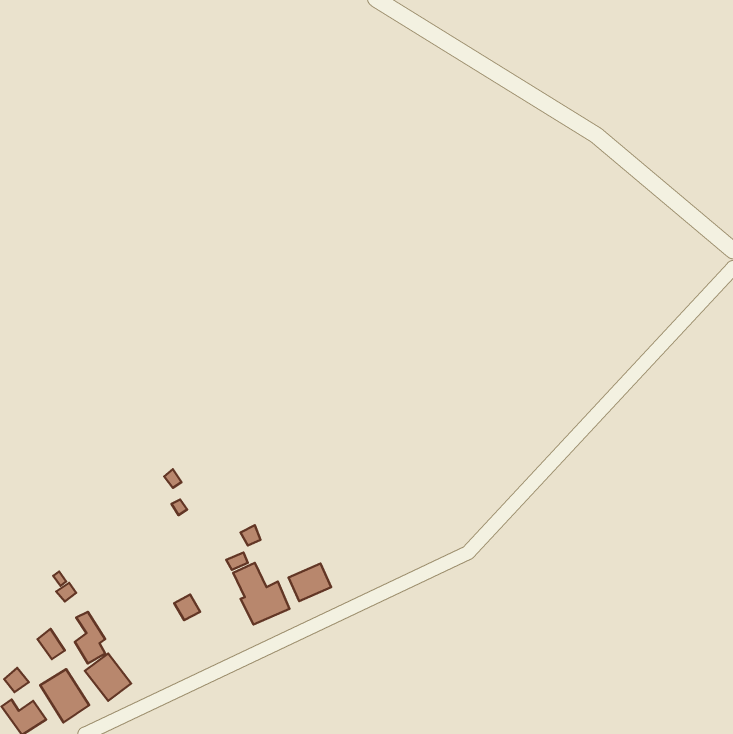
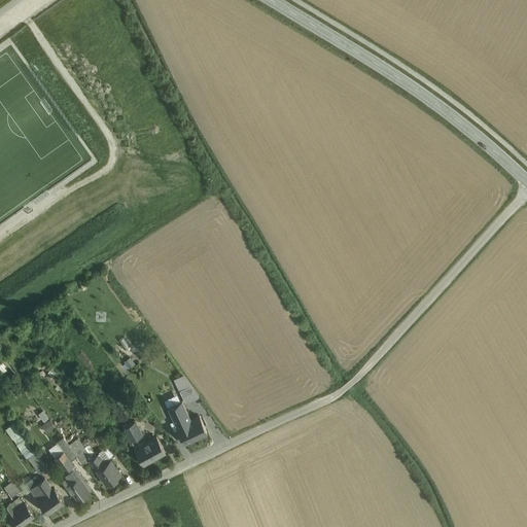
building: [288,563,331,601] -> none
building: none -> [132,435,166,467]
building: none -> [87,453,122,487]

